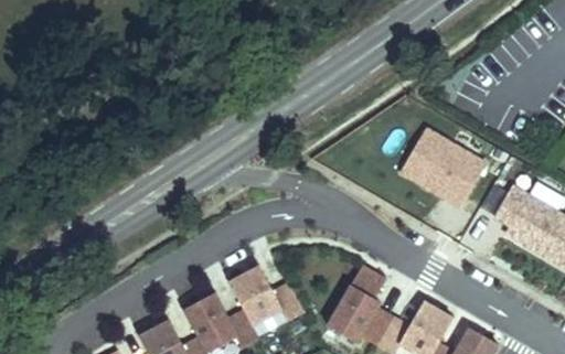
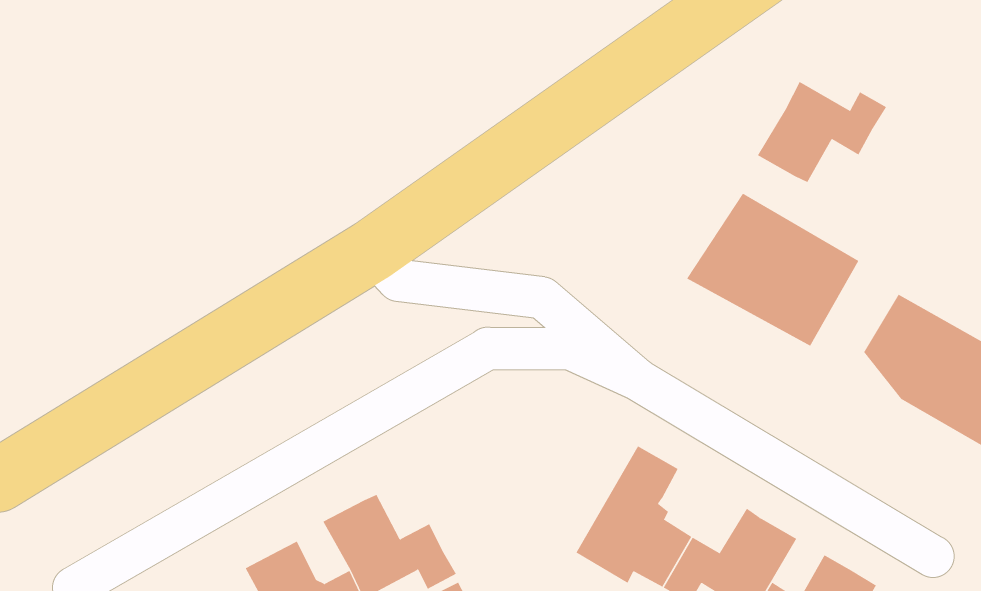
building: none -> [757,81,887,183]
building: [228,265,303,324] -> none

